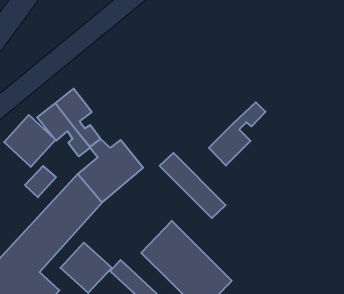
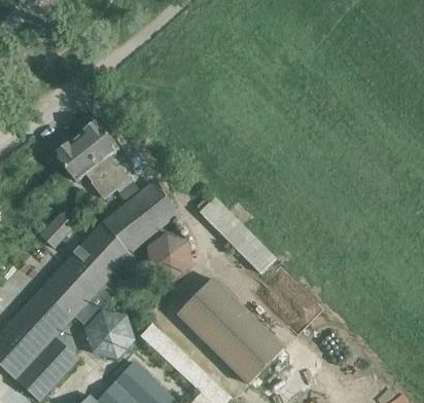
building: [209,102,266,166] -> none
building: [4,115,55,167] -> none
building: none -> [149,225,199,276]

